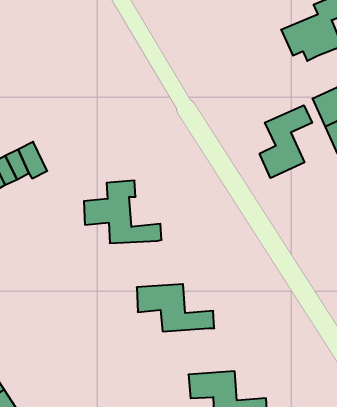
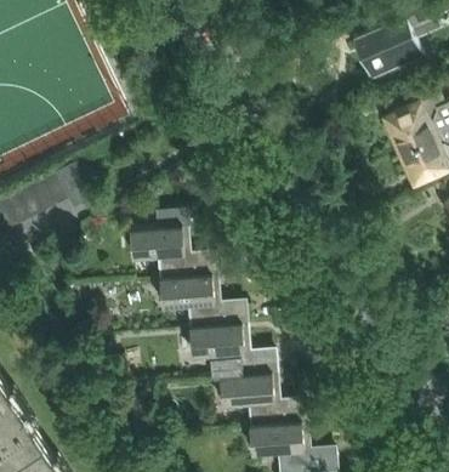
building: [260,105,312,178] -> none
building: none -> [159,277,248,329]
building: none -> [218,375,307,427]

